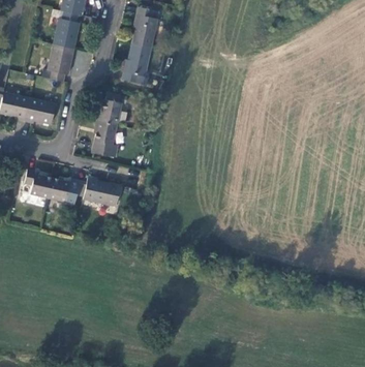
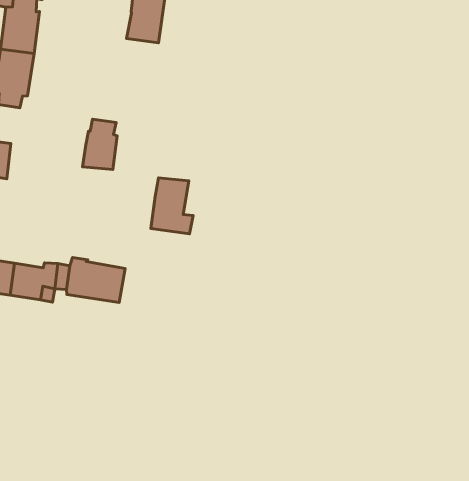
building: [121,43,151,85] -> none
building: [91,121,118,157] -> [151,178,193,234]

